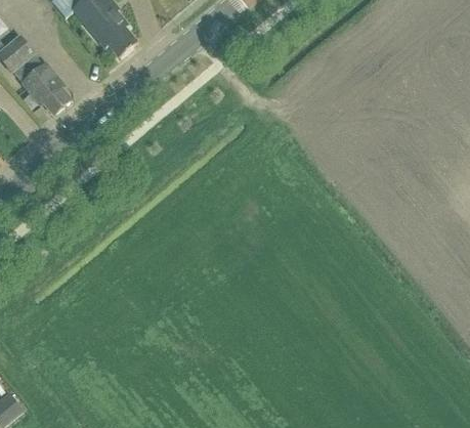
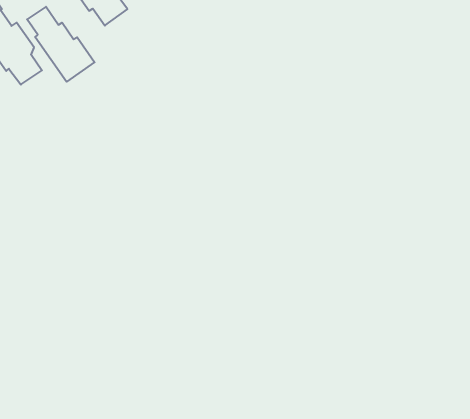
building: none -> [27,7,95,82]

